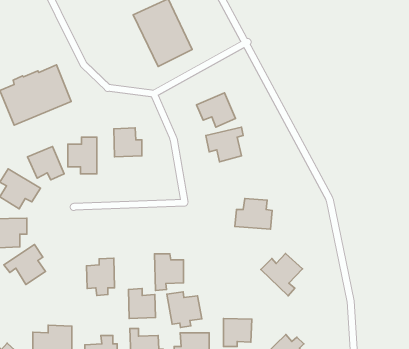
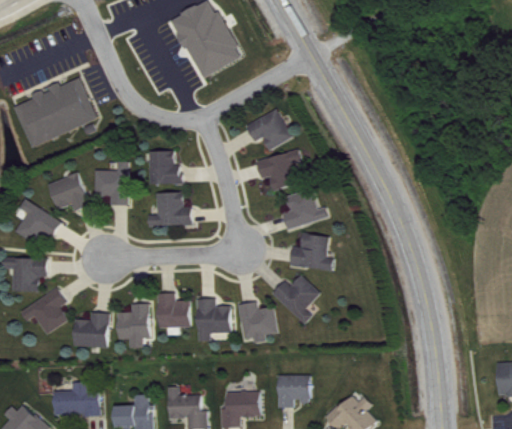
building: none -> [283,189,328,229]
building: none -> [148,193,191,226]
building: [261,253,303,296] -> [271,275,320,325]
building: none -> [72,313,108,348]
building: [128,289,156,318] -> [157,293,189,328]
building: [167,292,202,327] -> [236,302,277,344]

